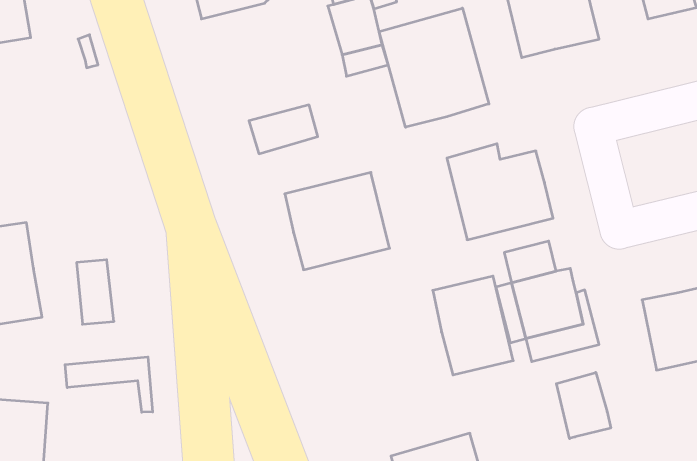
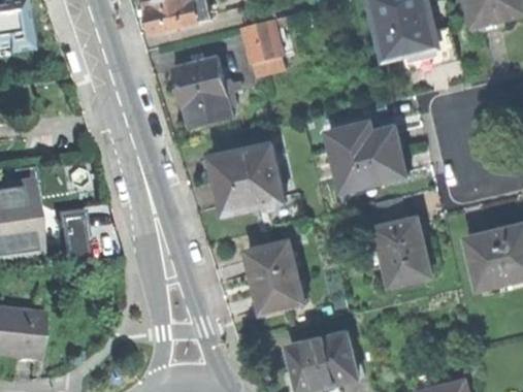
building: [379,8,489,127] -> none
building: none -> [173,55,235,107]
building: [433,276,513,375] -> [248,243,305,315]
building: [65,357,153,412] -> none
building: [556,372,611,439] -> none

